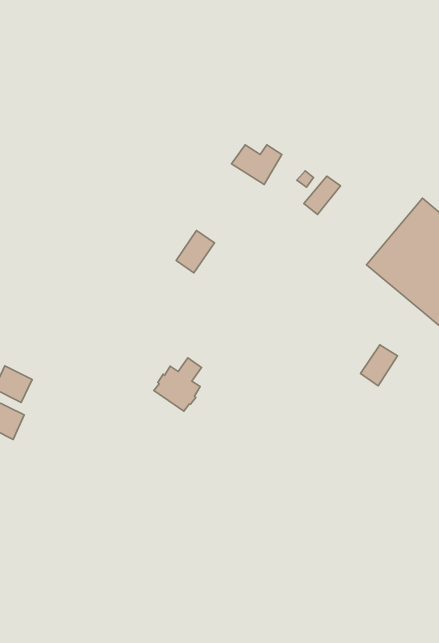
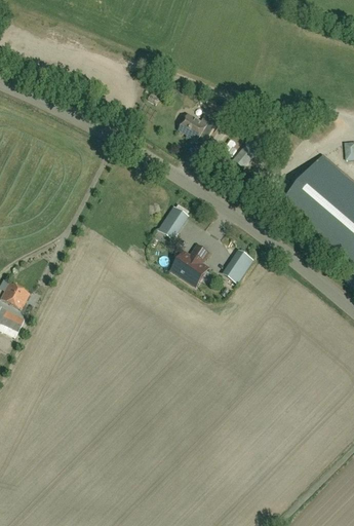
building: [176,231,214,273] -> [158,206,187,238]
building: [361,345,397,386] -> [224,251,251,281]
building: [154,358,201,411] -> [171,245,207,285]

